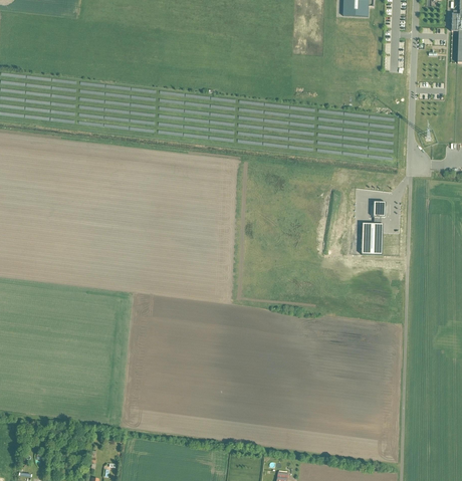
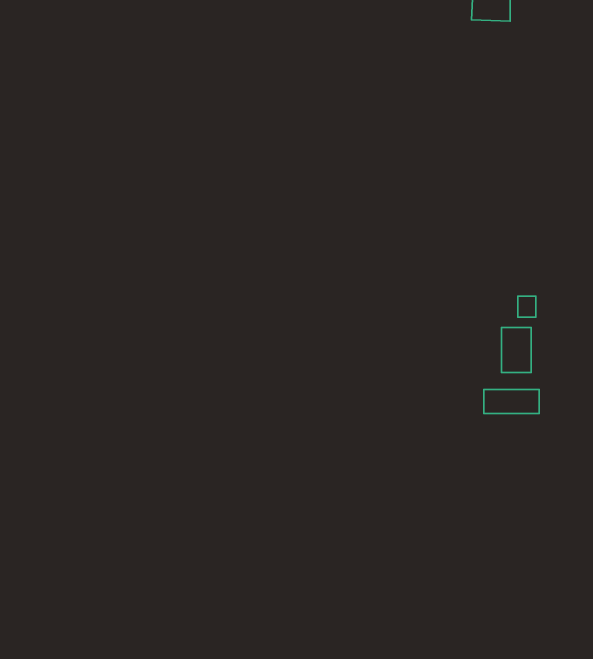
building: none -> [484,389,539,414]

